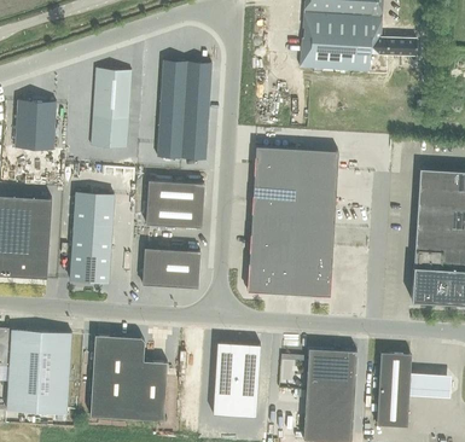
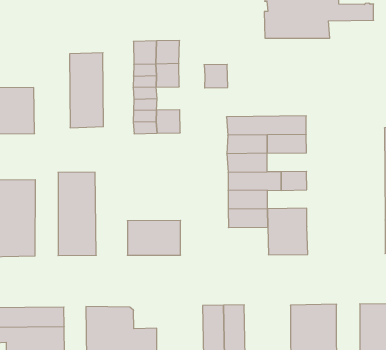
building: [182,111,208,136] -> [204,64,228,88]
building: [145,181,204,228] -> none
building: [293,188,336,210] -> none
building: [291,227,333,249] -> none
building: [246,263,290,295] -> none

